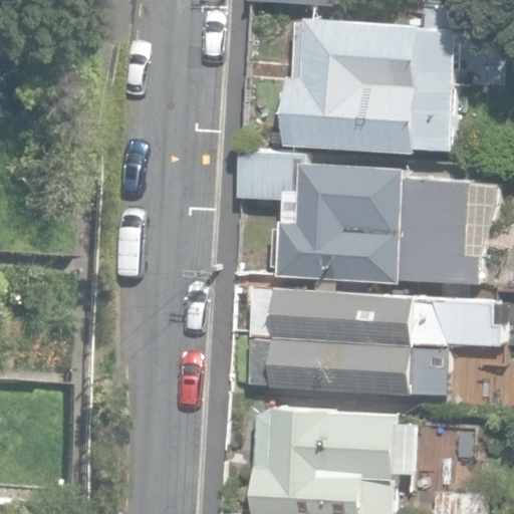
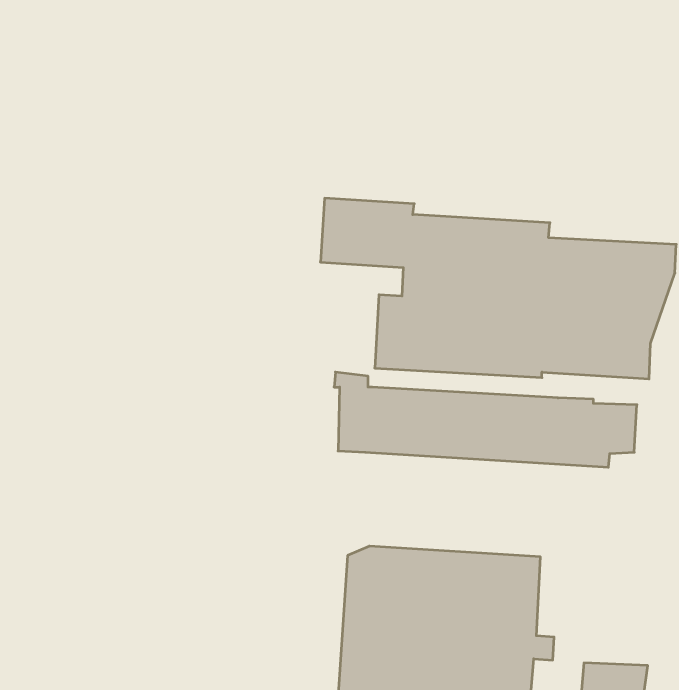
building: [283,19,455,154] -> none
building: [247,337,450,406] -> none

